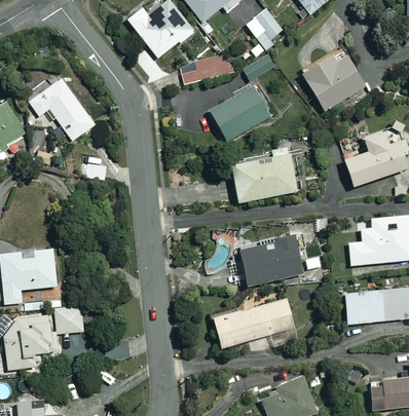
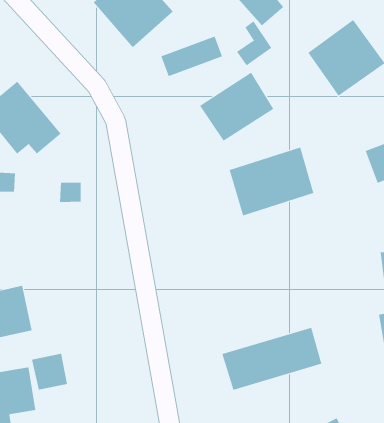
building: [238,235,302,286] -> none

